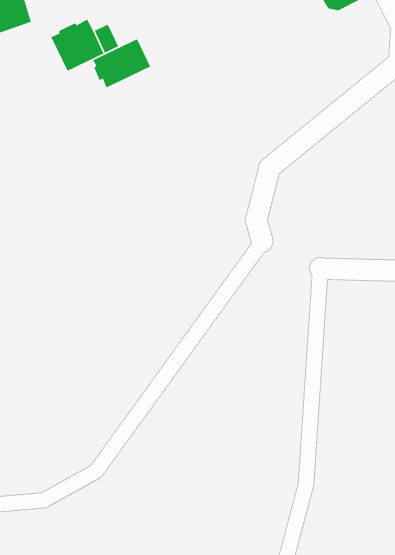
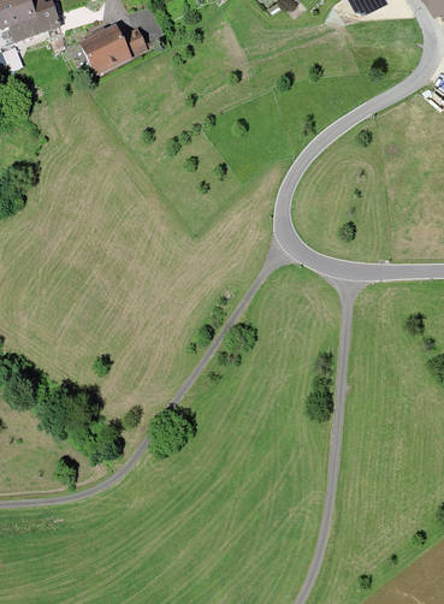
building: [92,38,151,89] -> none

